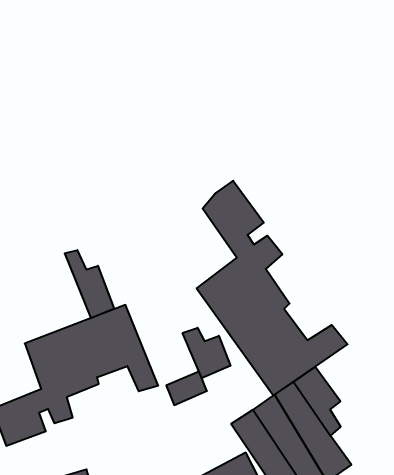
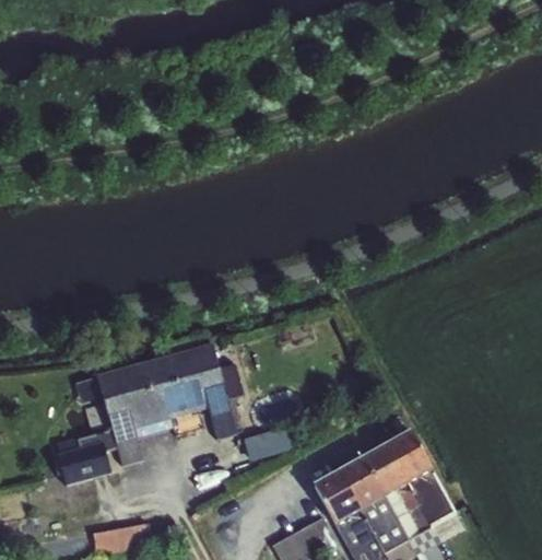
building: [197,181,348,396] -> none
building: [65,250,114,318] -> none
building: [183,328,230,378] -> none

